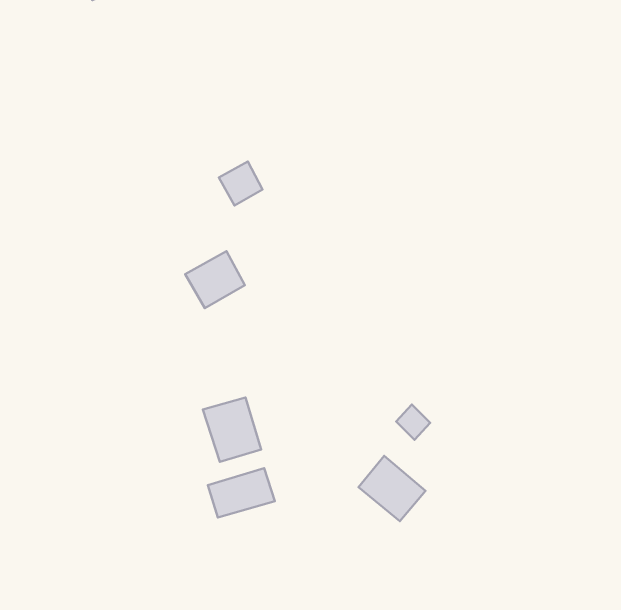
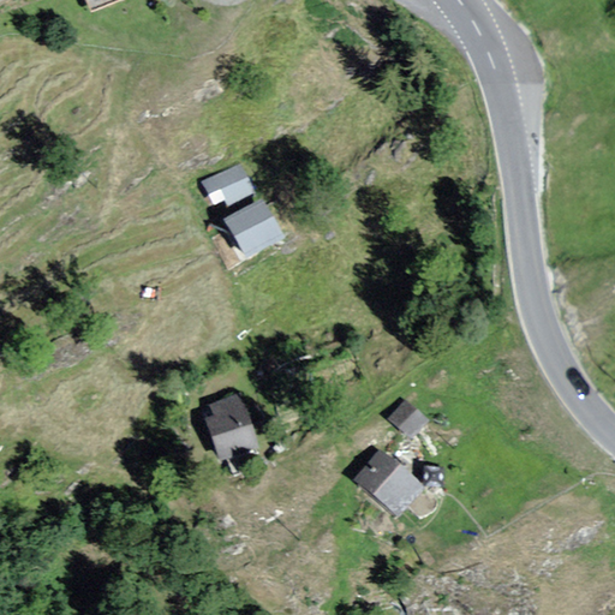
building: [185,251,245,308] -> [225,201,283,257]
building: [208,468,275,517] -> none

